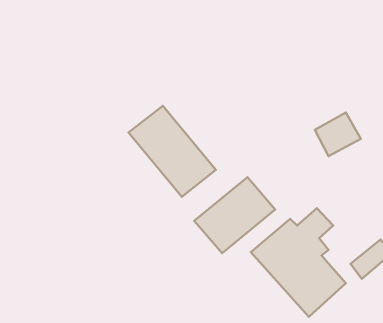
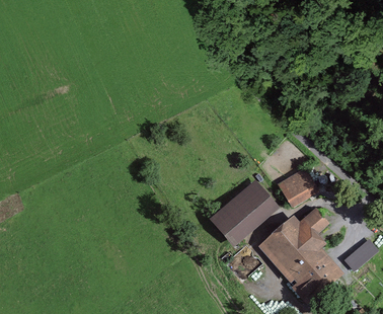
building: [129,106,216,197] -> none
building: [315,112,361,156] -> [278,168,318,207]

